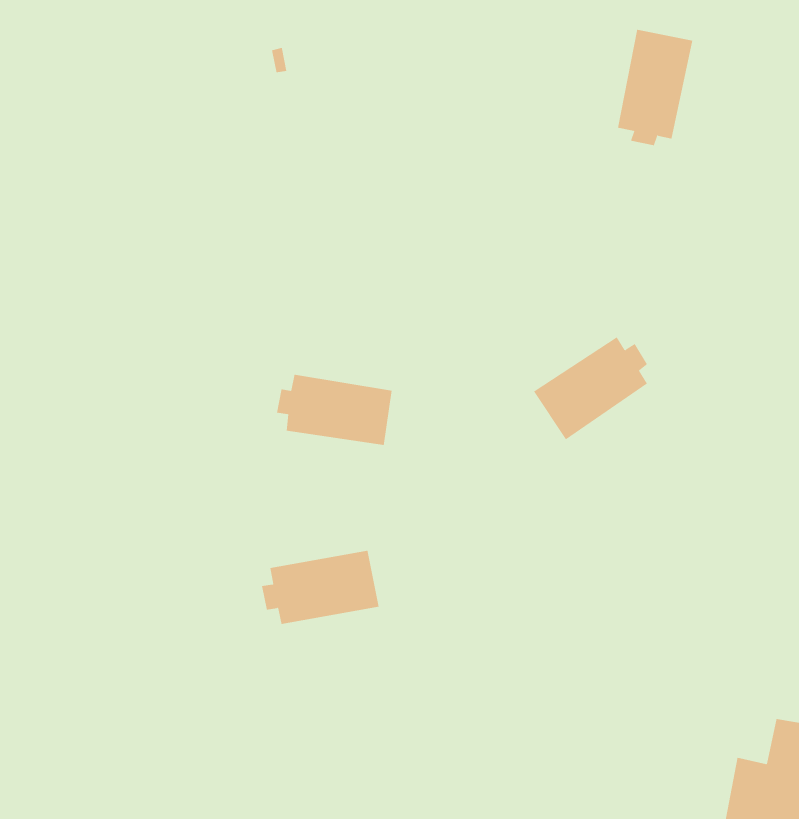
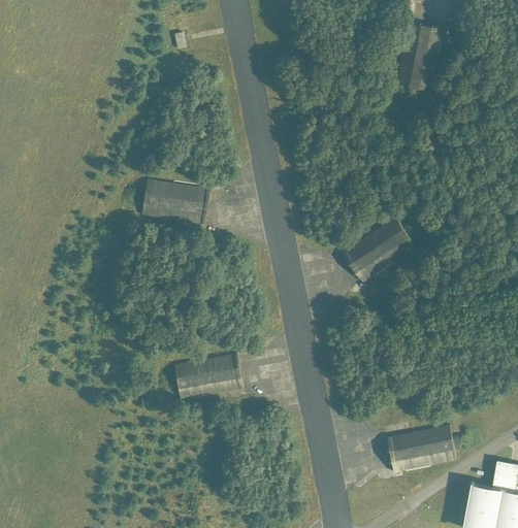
building: [276,374,393,445] -> [136,177,211,223]
building: none -> [387,424,462,471]

